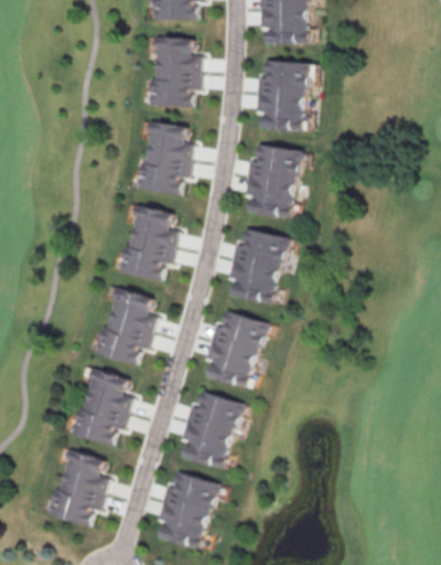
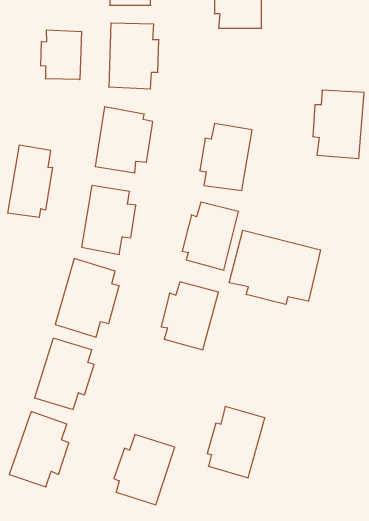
building: none -> [41,30,81,80]
building: [257,61,311,132] -> [313,90,364,158]
building: none -> [8,145,53,217]
building: none -> [229,230,320,304]
building: [182,388,243,463] -> [207,406,265,478]

